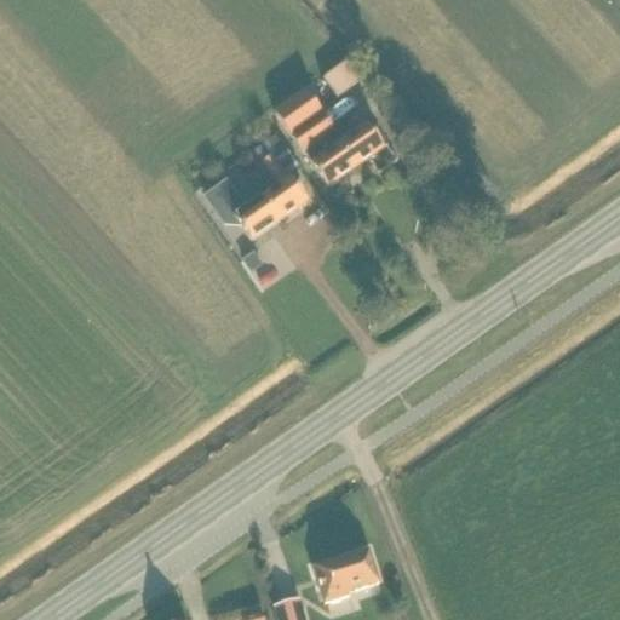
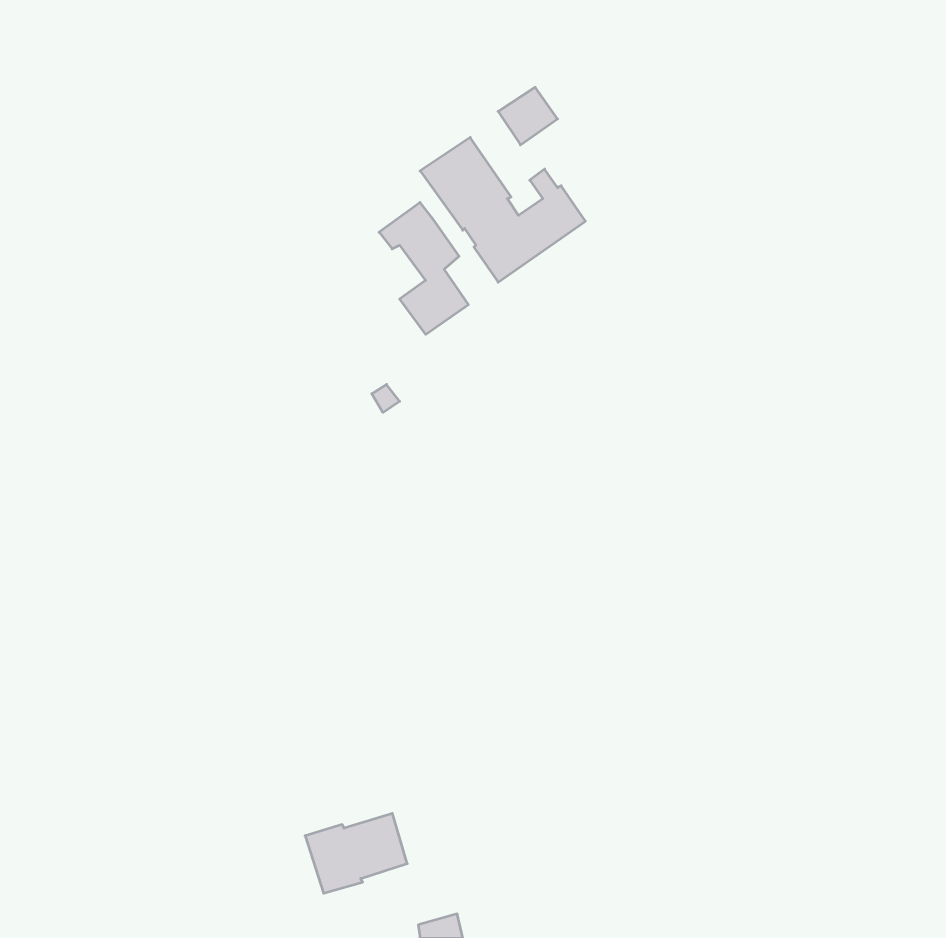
building: [195,166,280,237] -> none
building: [314,546,380,598] -> [305,813,407,893]

